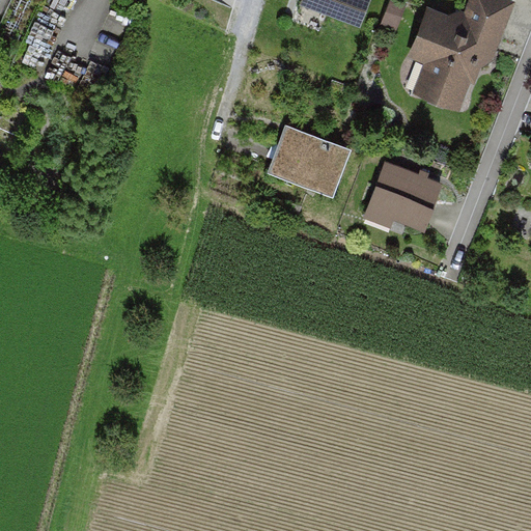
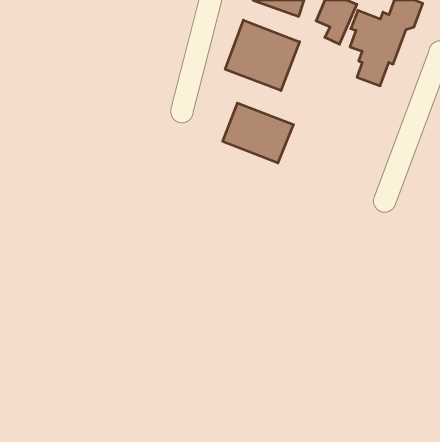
building: none -> [225,20,300,91]
building: [367,164,441,234] -> none

